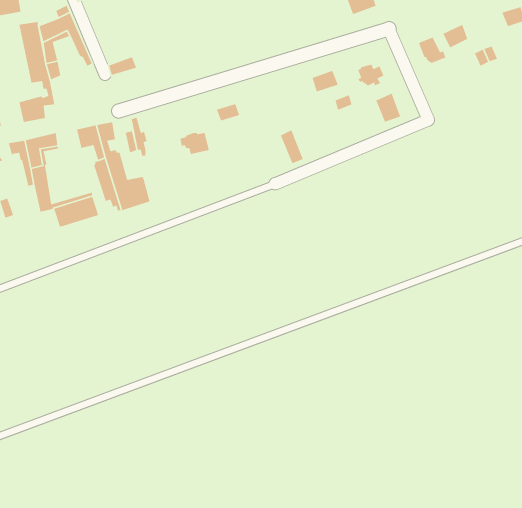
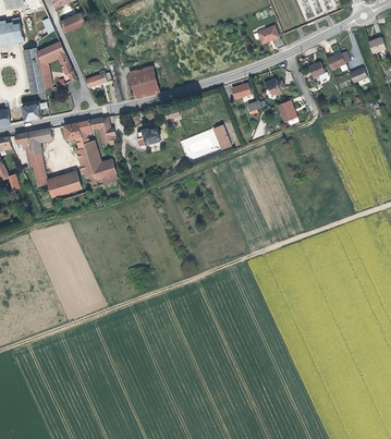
building: none -> [127,65,160,98]
building: none -> [181,132,212,160]

